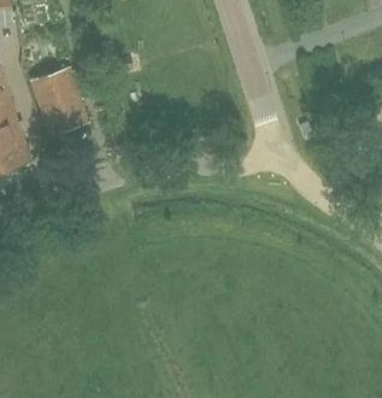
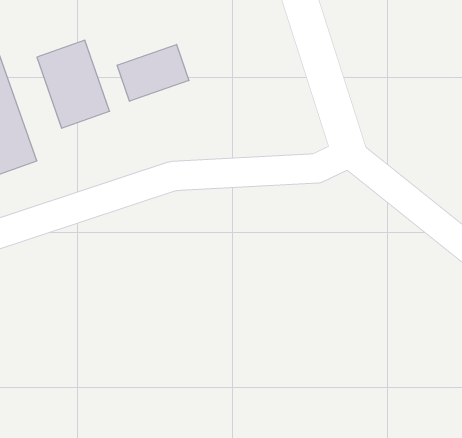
building: none -> [117,44,189,101]

